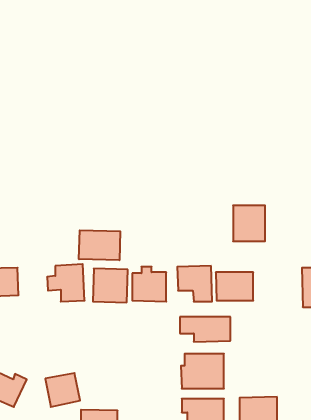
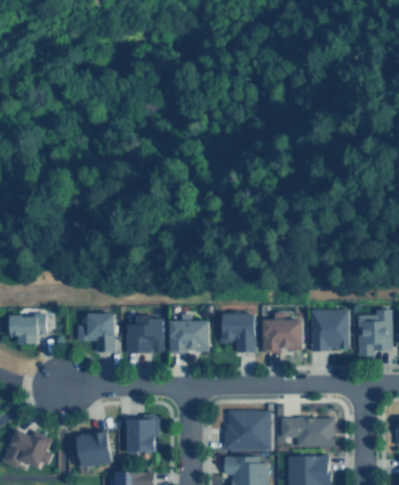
building: [233,205,265,241] -> [313,311,348,350]
building: [79,230,120,260] -> none
building: [180,317,230,342] -> [280,420,336,447]
building: none -> [130,416,160,449]

